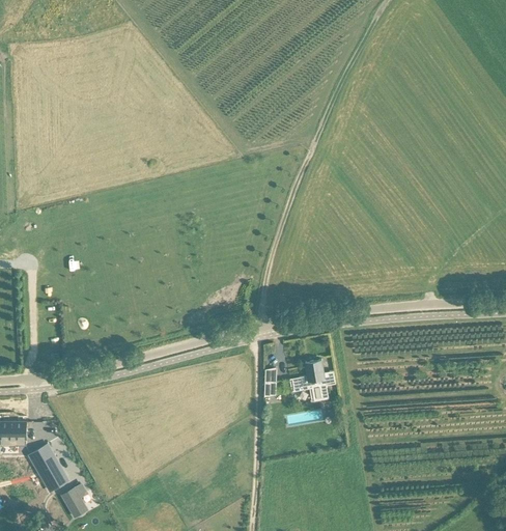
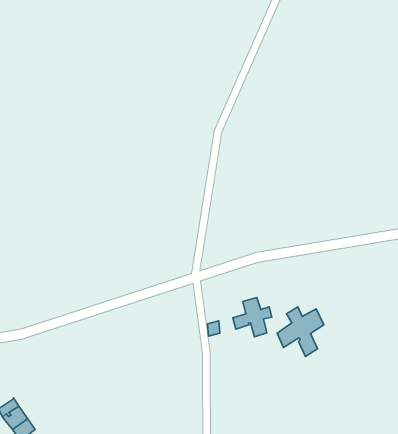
building: none -> [277,307,324,357]

